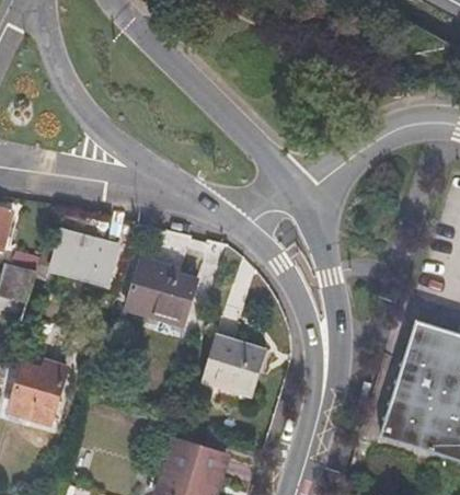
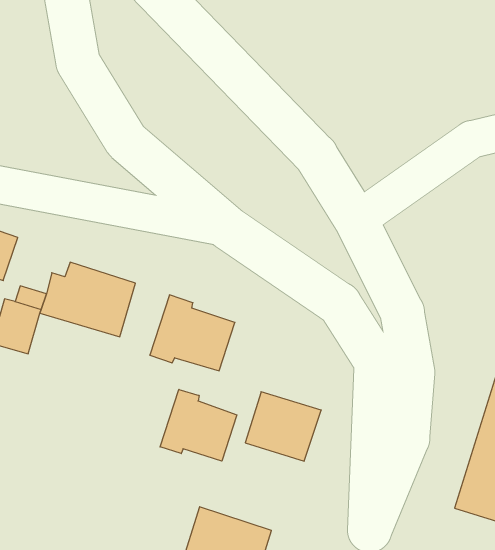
building: none -> [160,389,237,461]
building: [10,361,66,423] -> none

